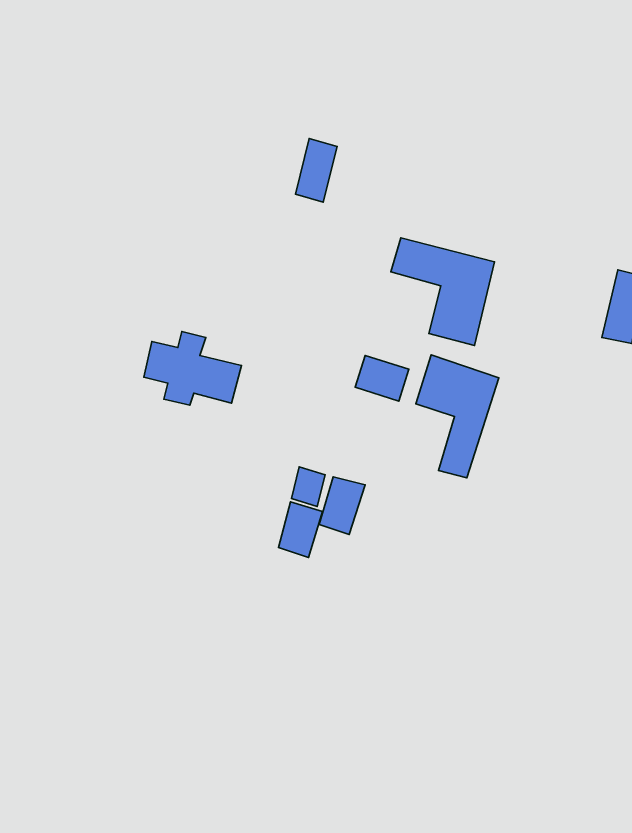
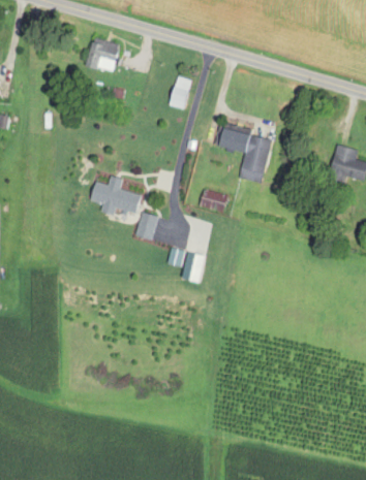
building: none -> [86,40,119,71]
building: [416,355,499,478] -> none
building: [279,502,322,557] -> [135,212,158,241]

